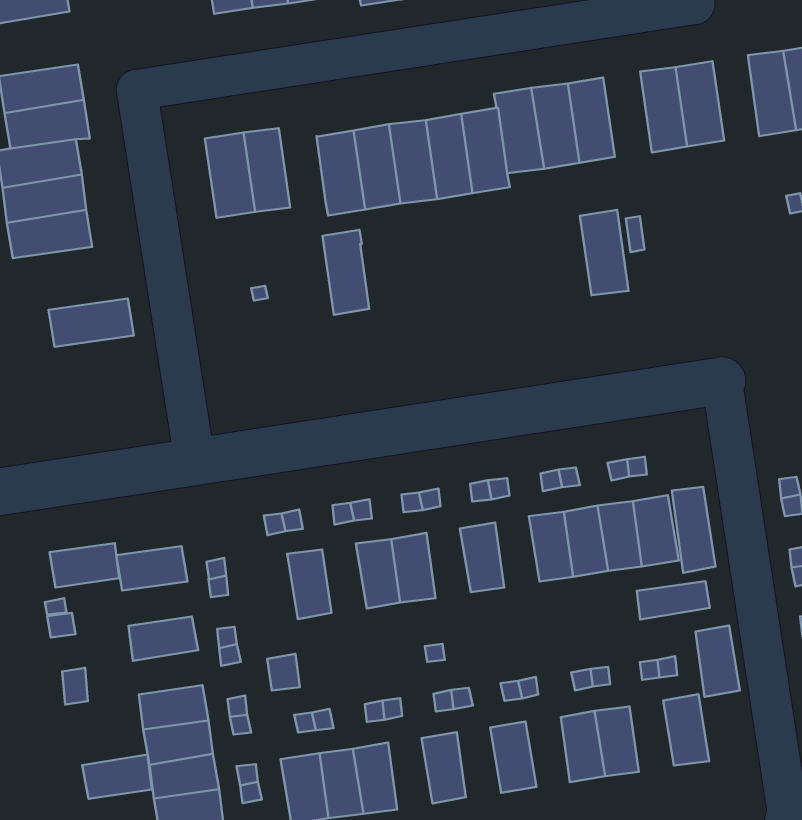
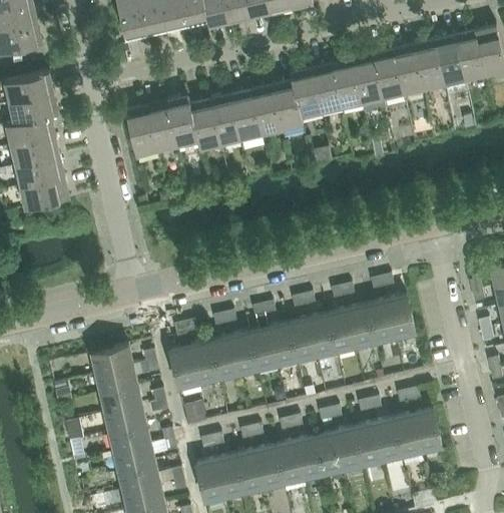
building: none -> [413,40,443,90]
building: [580,210,628,295] -> [351,54,382,104]
building: [322,230,369,315] -> [166,97,196,147]
building: [49,298,134,347] -> [19,178,69,209]
building: [672,487,715,573] -> none
building: none -> [308,315,336,357]
building: none -> [269,325,297,366]
building: [50,543,119,587] -> [96,367,137,395]
building: none -> [209,338,237,379]
building: none -> [169,347,198,389]
building: [637,581,710,619] -> none
building: [696,625,740,697] -> [393,415,421,457]
building: none -> [334,429,362,470]
building: none -> [295,438,323,479]
building: none -> [256,447,284,489]
building: [82,754,152,799] -> [105,406,146,434]

